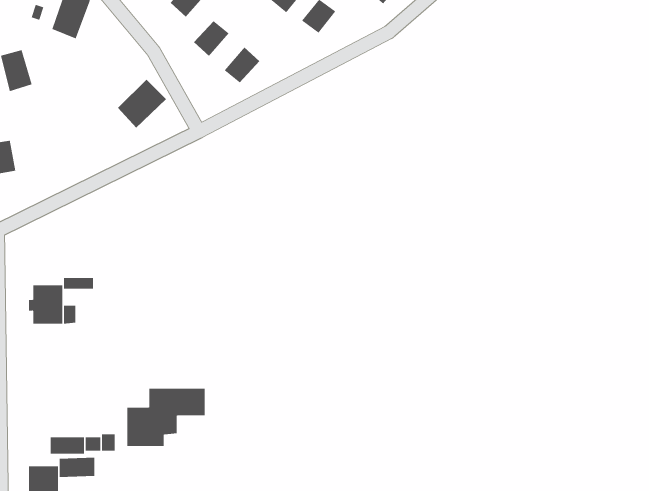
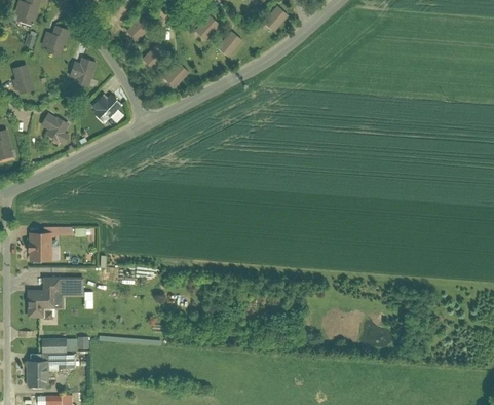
building: none -> [73,59,98,88]
building: none -> [41,113,73,143]
building: [127,388,205,447] -> [27,275,82,317]

